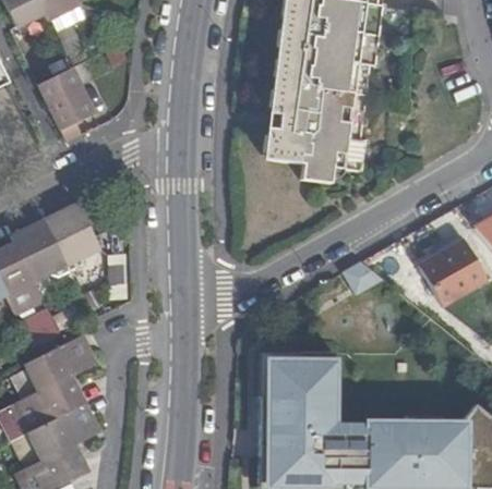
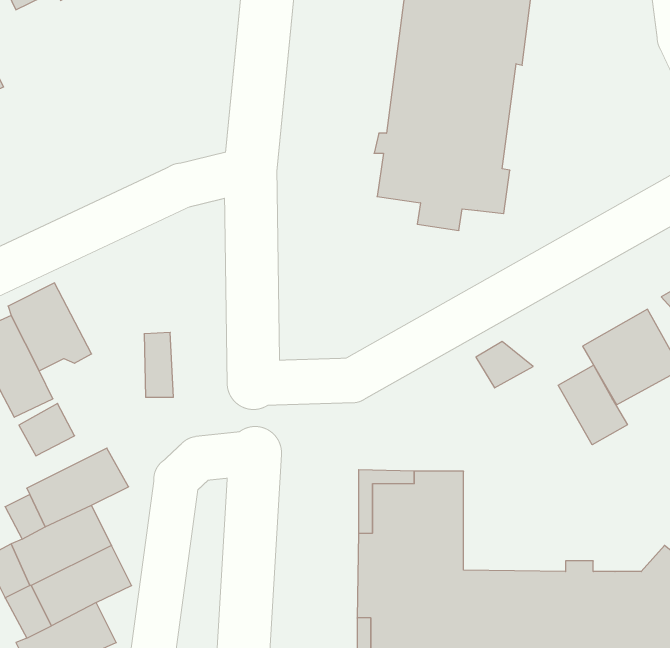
building: [37,66,94,142] -> none
building: [44,201,100,269] -> none
building: none -> [558,365,627,445]

